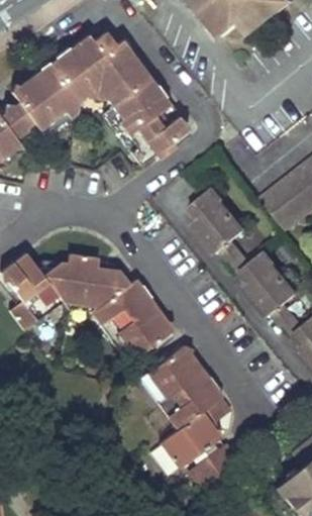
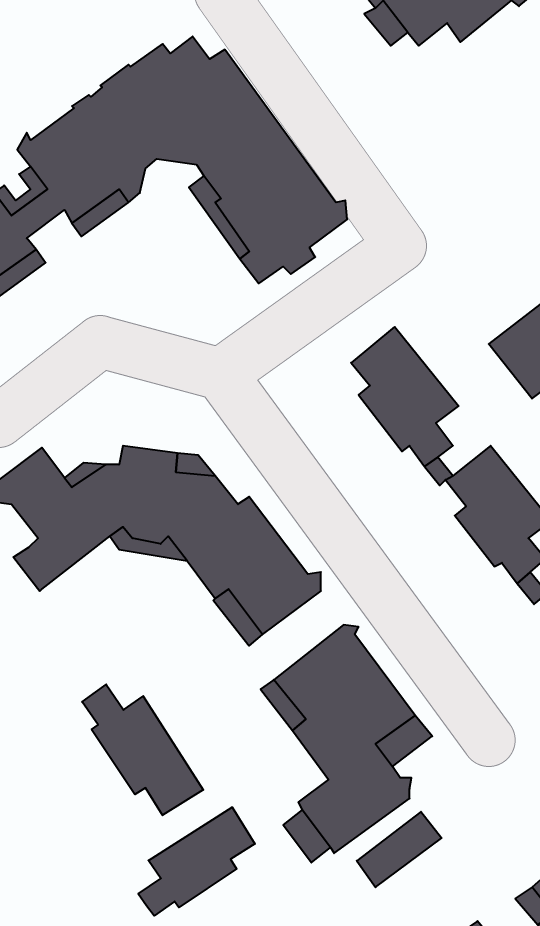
building: none -> [82,684,203,815]
building: none -> [138,807,255,916]

